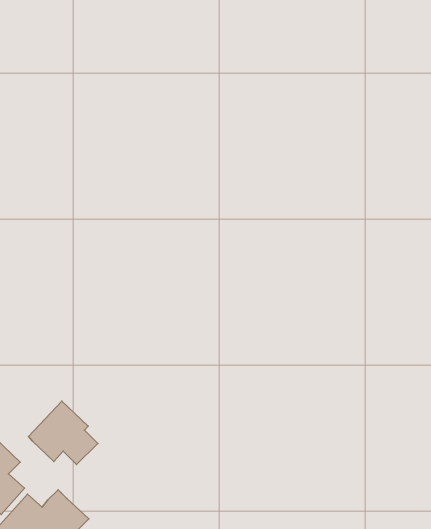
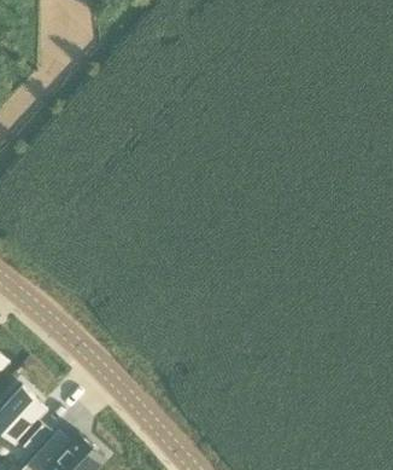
building: [29,401,98,464] -> none

